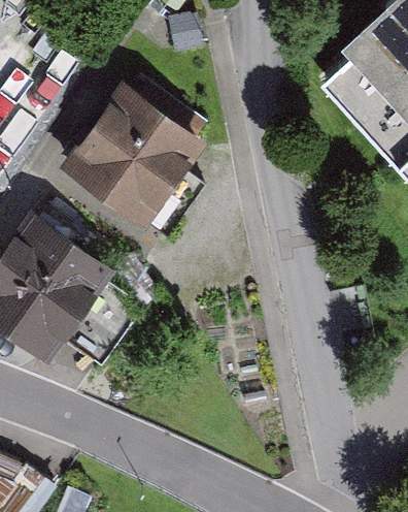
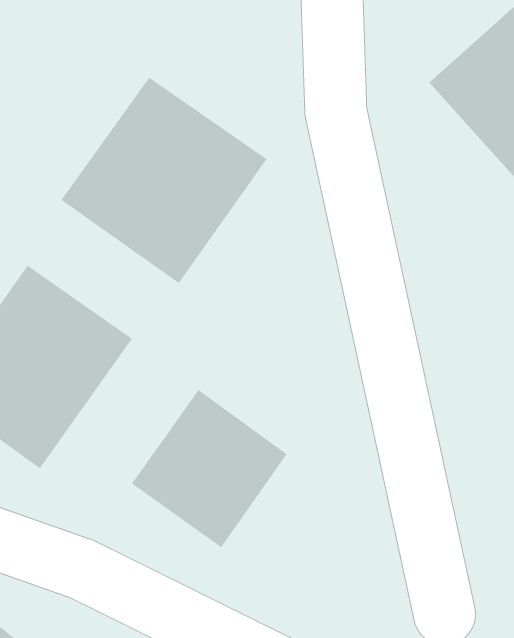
building: none -> [131,389,287,548]

